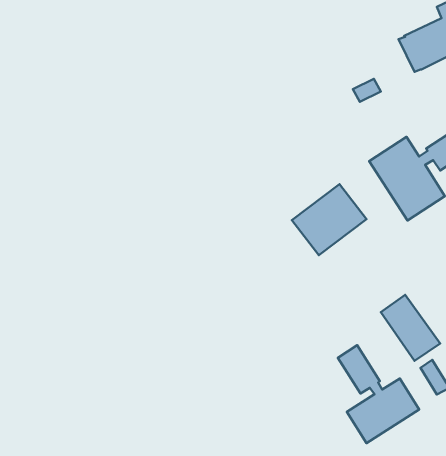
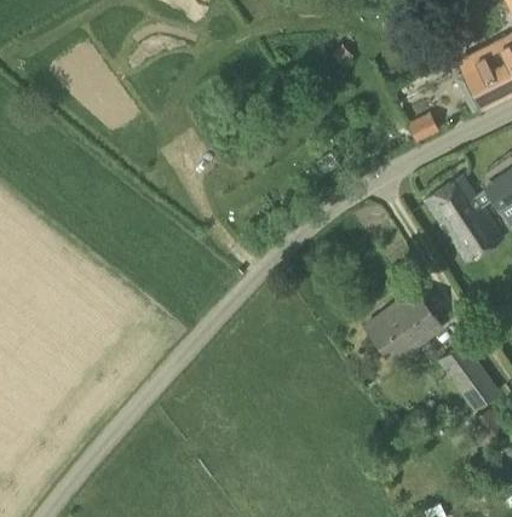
building: [292,184,366,255] -> [366,289,443,363]
building: [338,345,419,443] -> none

